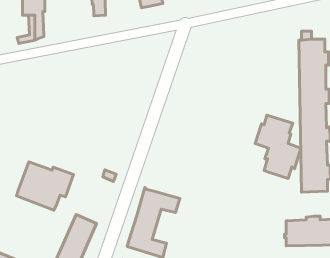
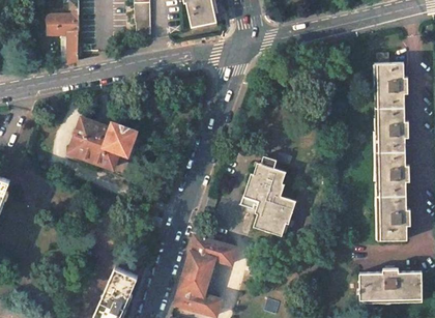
building: [255,115,301,179] -> [242,163,295,236]
building: [16,162,74,210] -> [66,118,133,174]

